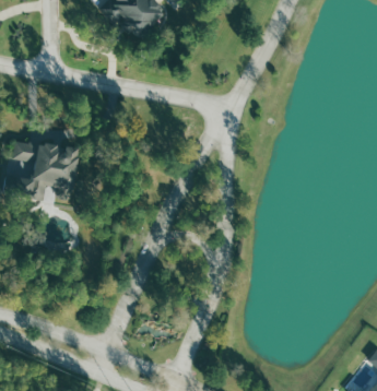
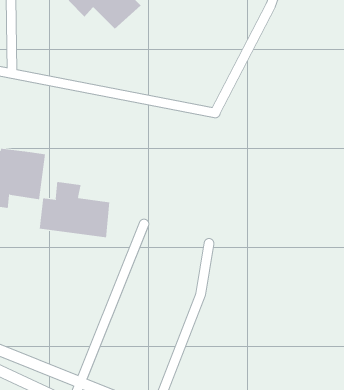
building: none -> [39,181,110,238]

